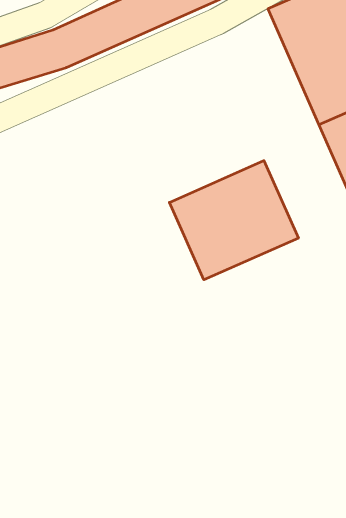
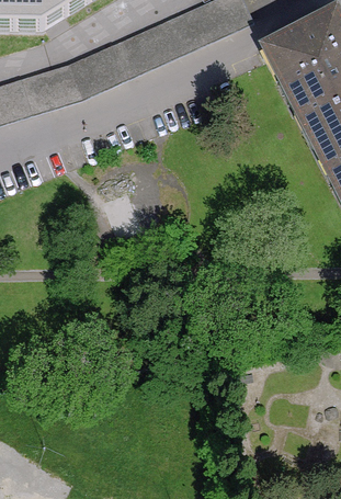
building: [169,161,298,280] -> none

